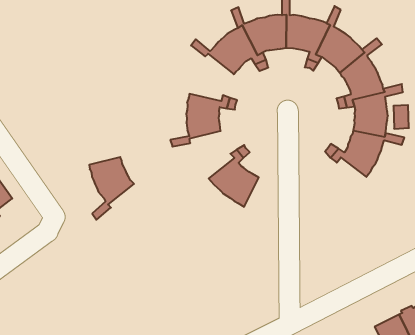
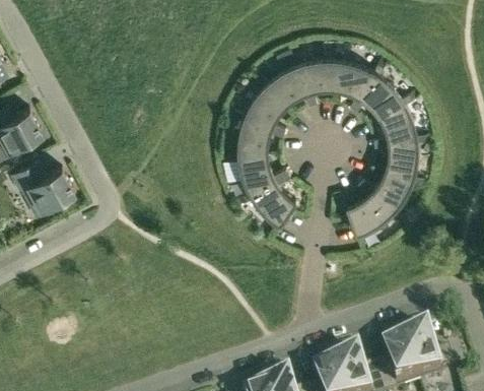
building: none -> [226,79,285,123]
building: [89,157,134,220] -> [235,149,276,202]
building: none -> [347,187,405,230]

